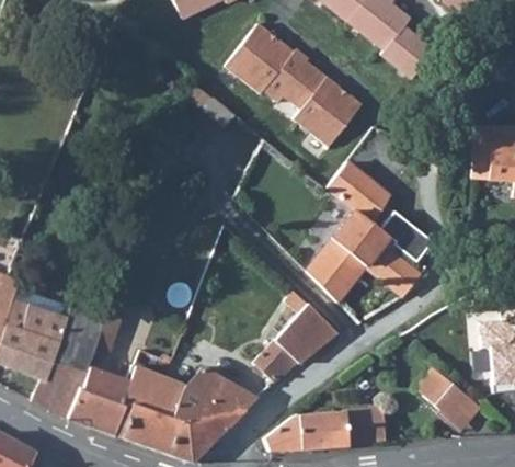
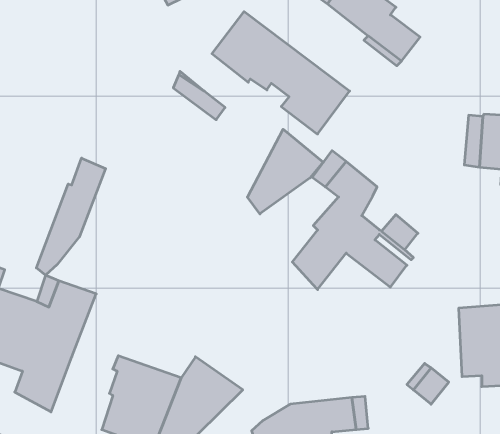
building: none -> [247,129,323,214]
building: none -> [36,158,106,275]
building: [252,305,334,384] -> none
building: [67,365,133,437] -> none
building: [442,390,484,433] -> none

